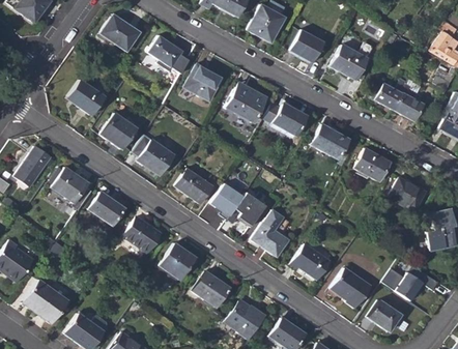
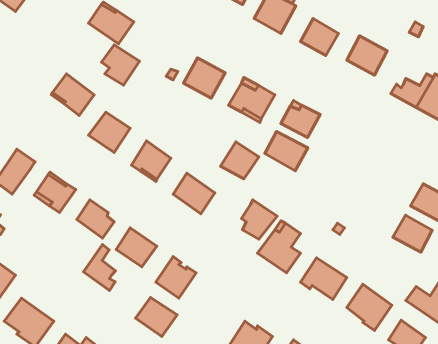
building: [148,36,182,72] -> [101,45,140,85]
building: [311,124,349,159] -> [265,131,308,171]
building: [354,148,390,181] -> [393,215,432,252]
building: [210,182,245,215] -> [221,142,259,179]
building: none -> [84,245,116,290]
building: [193,271,230,307] -> [135,297,177,337]

